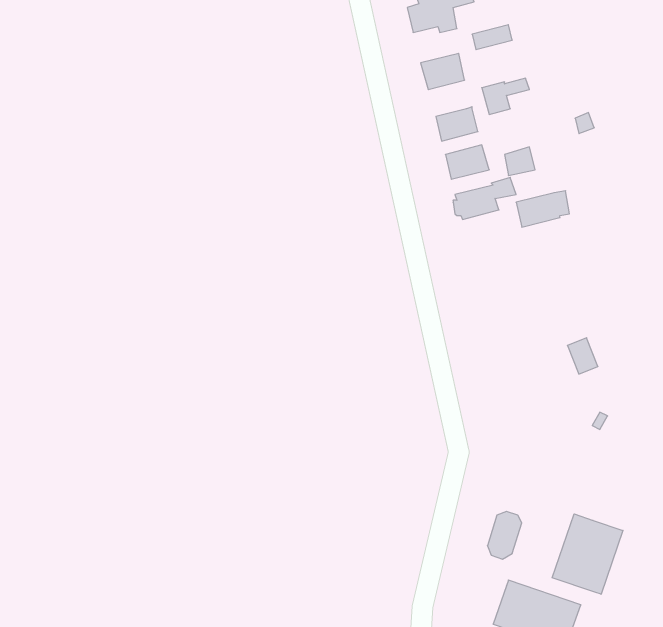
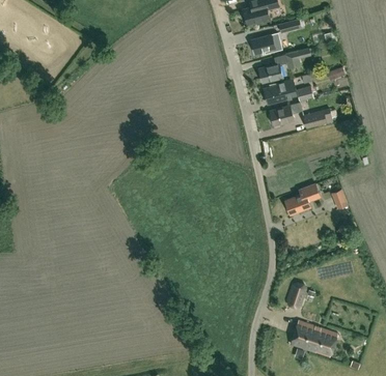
building: none -> [285,183,322,213]
building: [552,514,623,594] -> none

